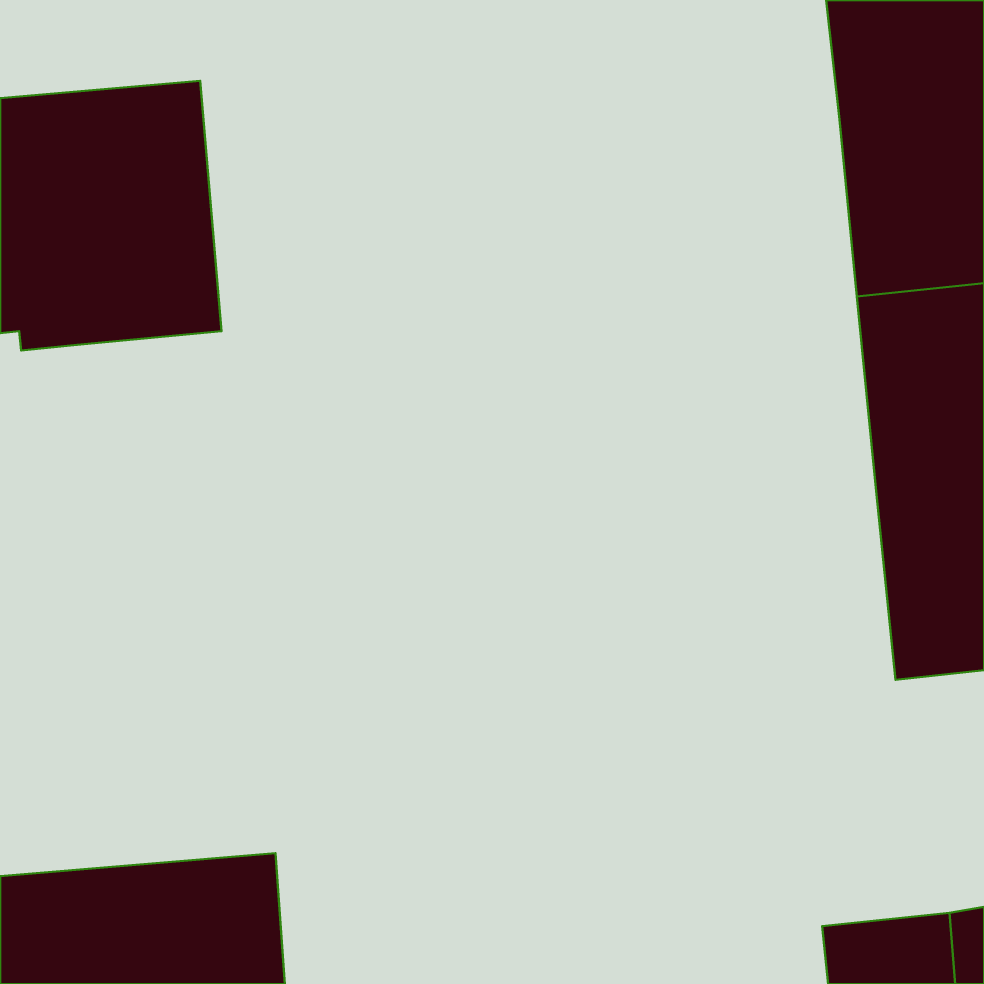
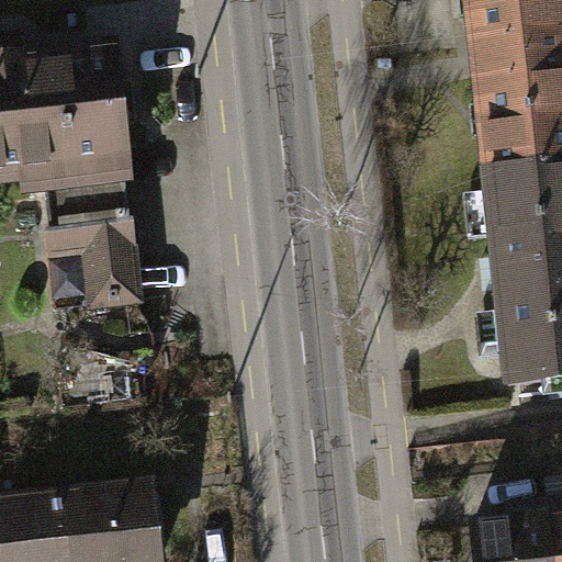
building: none -> [44,189,137,313]

